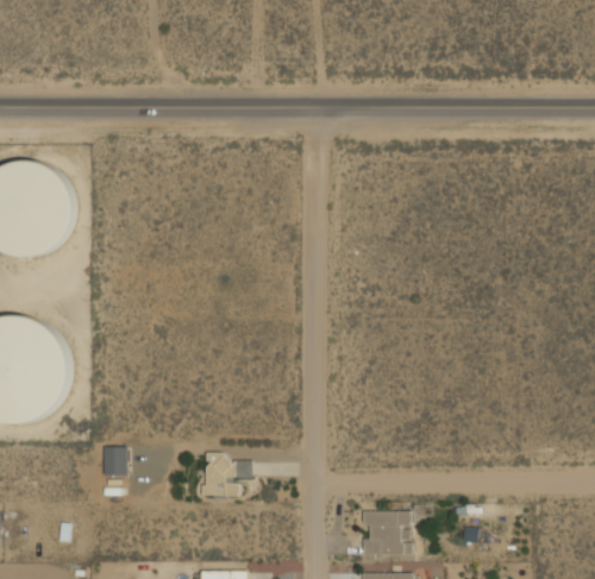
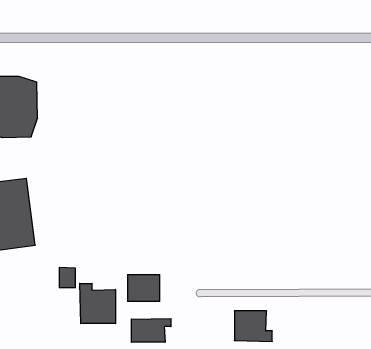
building: none -> [80,283,115,324]
building: none -> [131,319,171,342]

